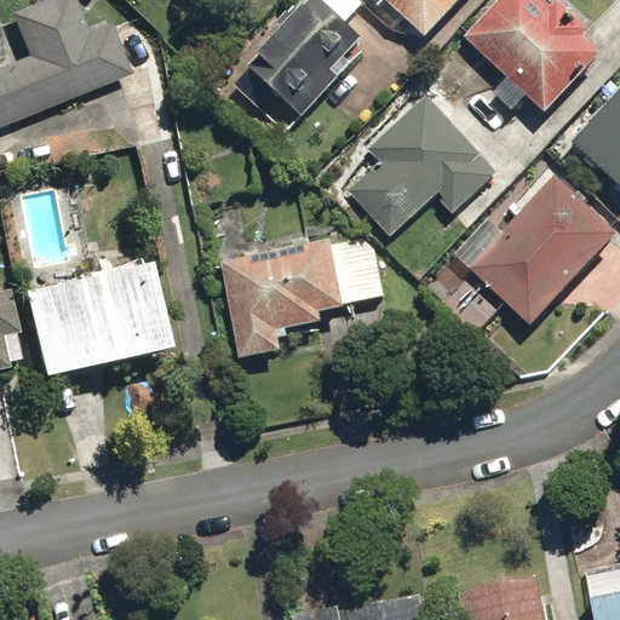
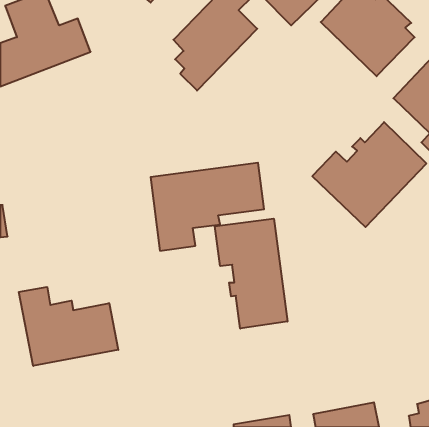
building: [346,93,500,239] -> none
building: [17,266,162,380] -> none
building: none -> [215,219,287,329]
building: none -> [19,287,118,366]

